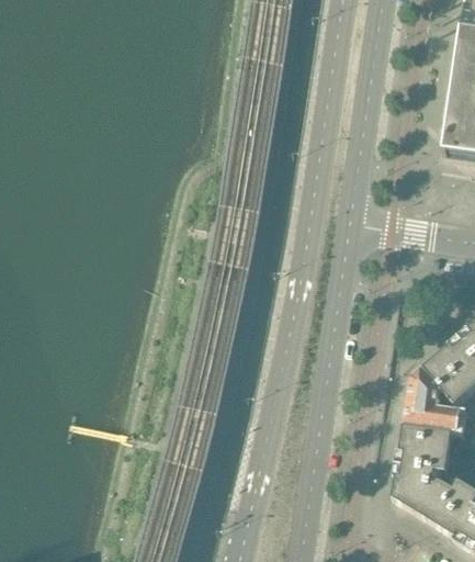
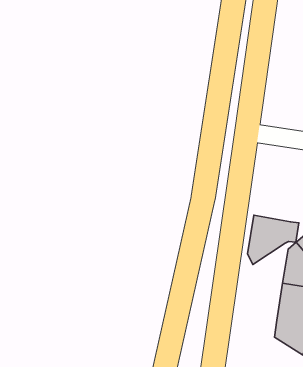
building: none -> [247,215,299,264]

